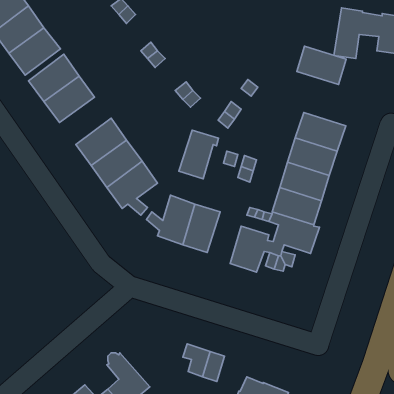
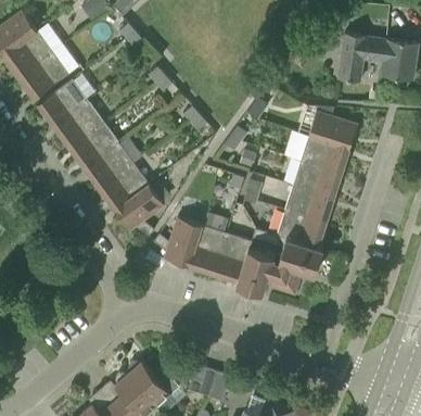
building: [297,46,346,85] -> [309,111,358,149]
building: none -> [68,121,119,167]
building: [179,130,219,179] -> [214,234,253,281]
building: none -> [128,361,180,406]

